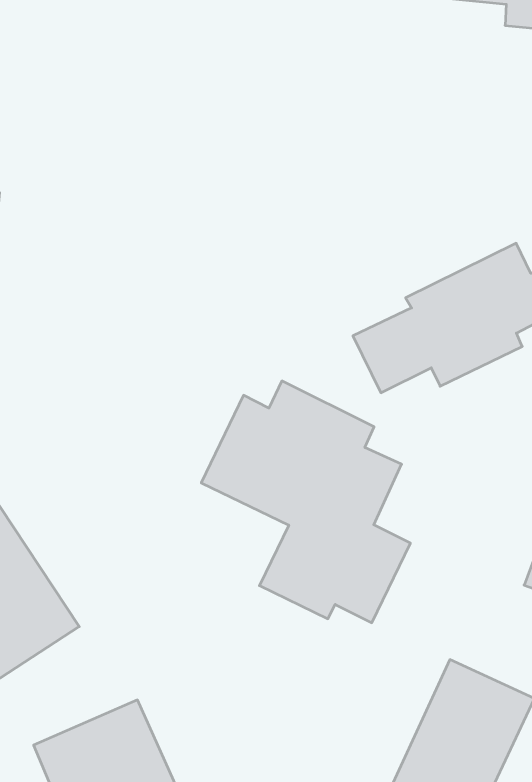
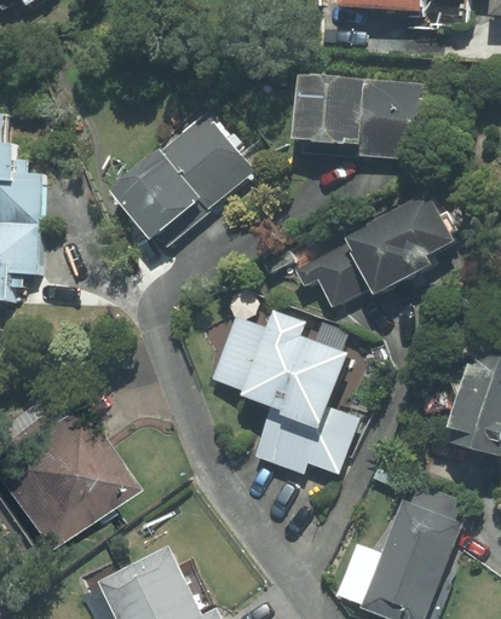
building: none -> [296,73,424,162]
building: none -> [114,110,257,242]

